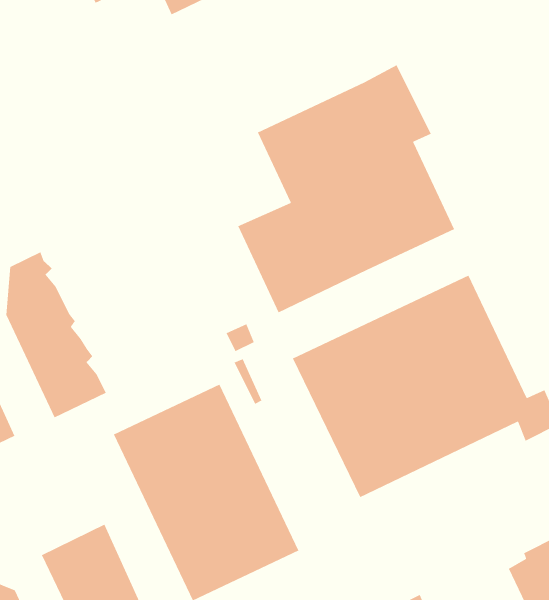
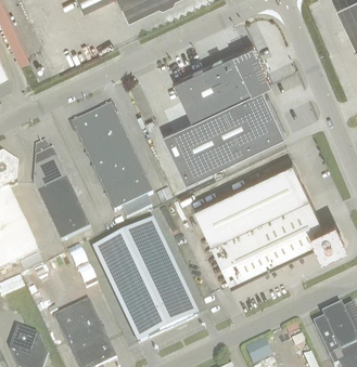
building: none -> [73,105,153,217]

